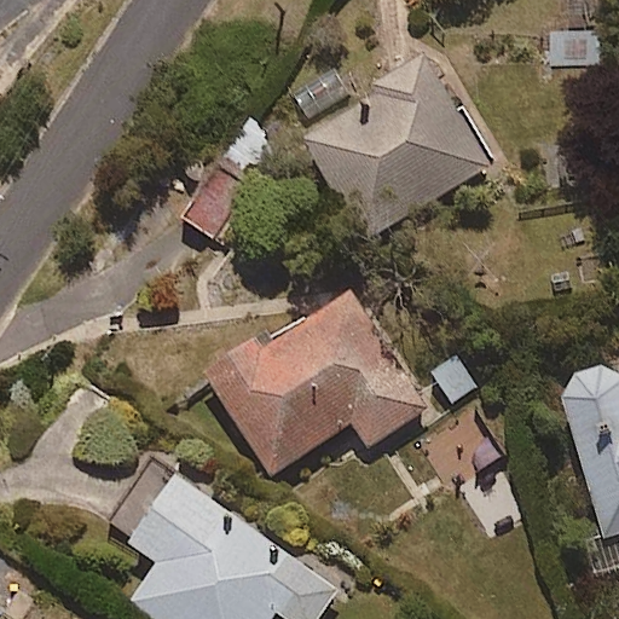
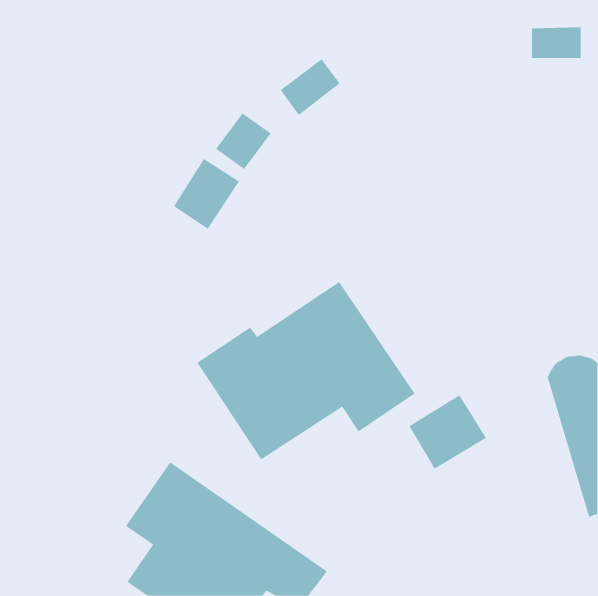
building: [302,62,490,241] -> none

